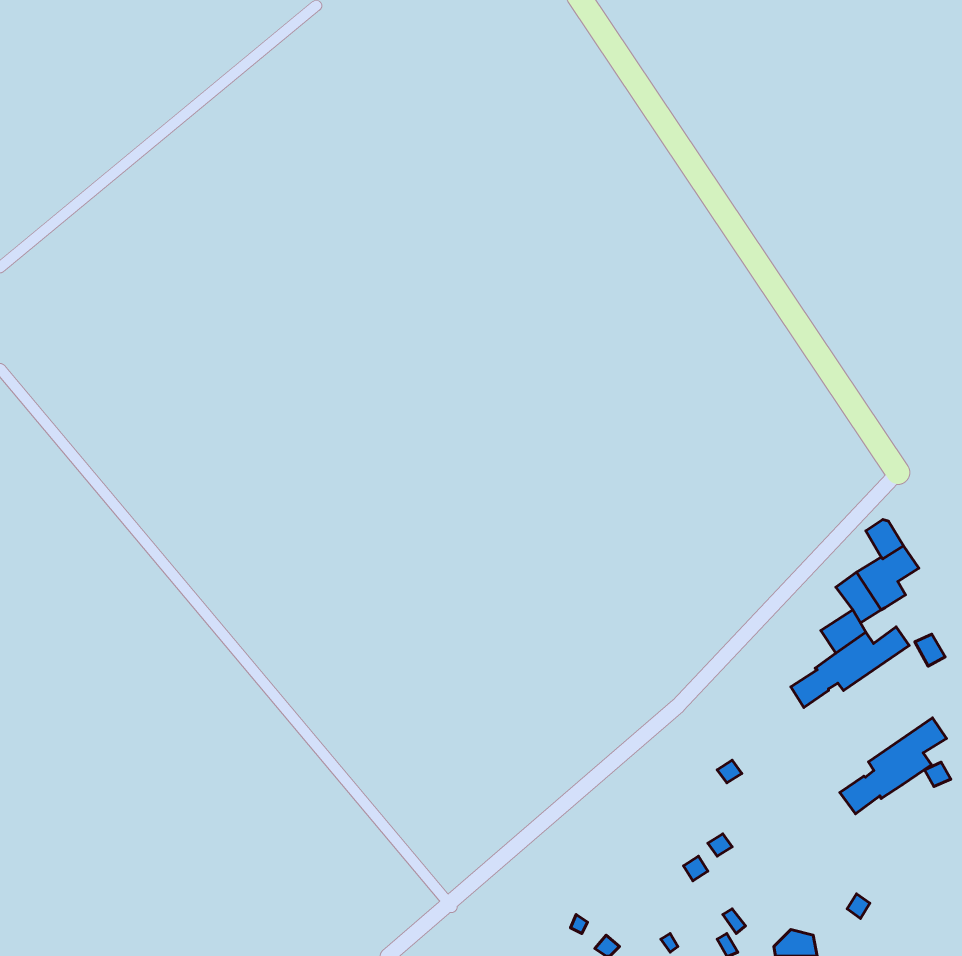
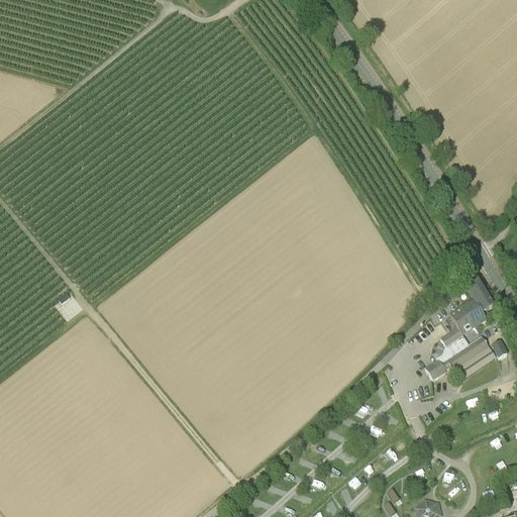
building: [840,718,946,814] -> none

